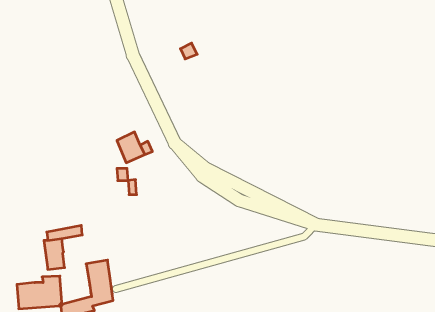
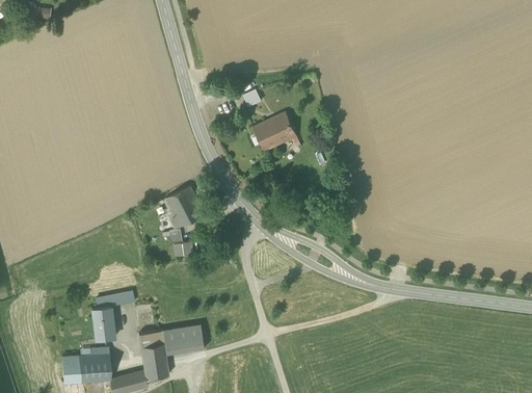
building: none -> [252,113,296,151]
building: none -> [162,324,204,355]

